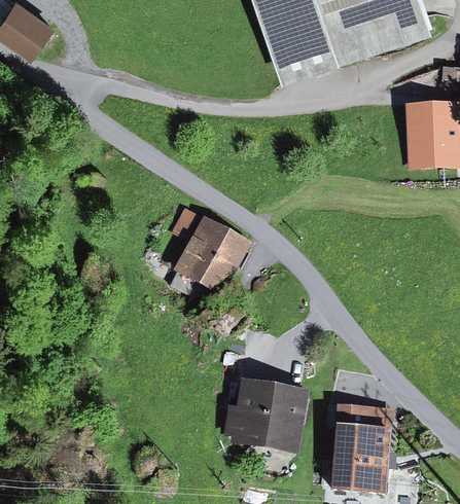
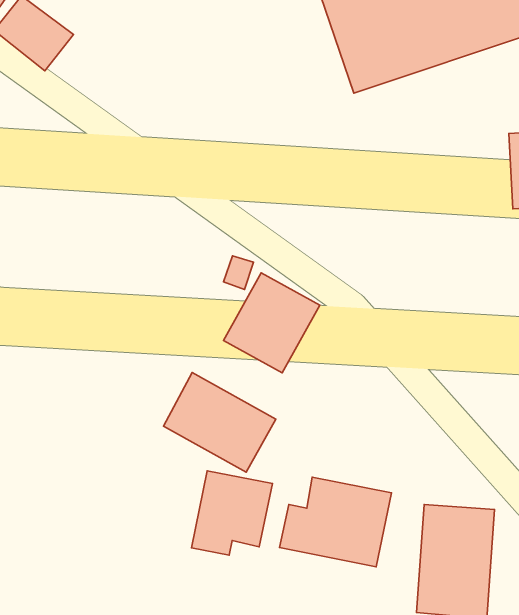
building: none -> [164,372,276,472]
building: none -> [191,471,272,555]

